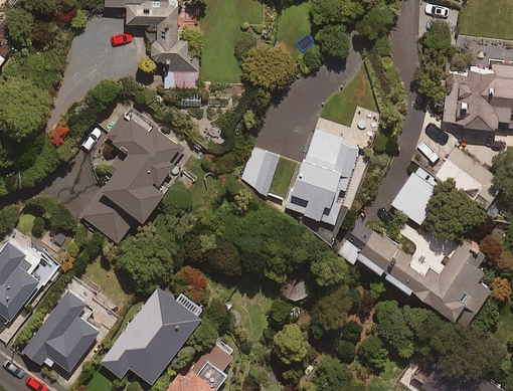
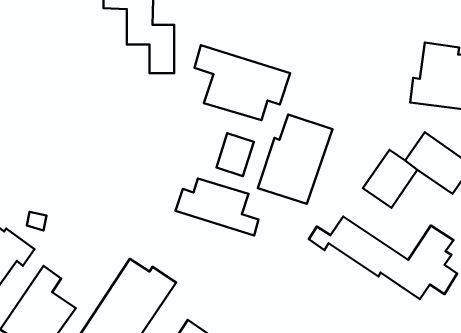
building: none -> [195,45,290,120]
building: [82,111,181,246] -> none
building: none -> [175,179,258,236]

